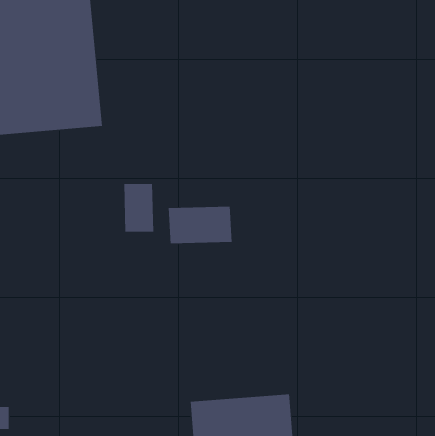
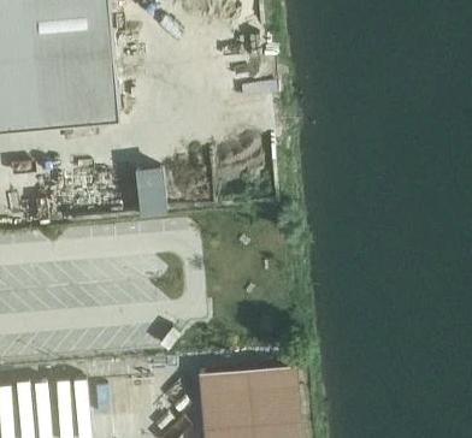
building: [168,206,232,244] -> none

